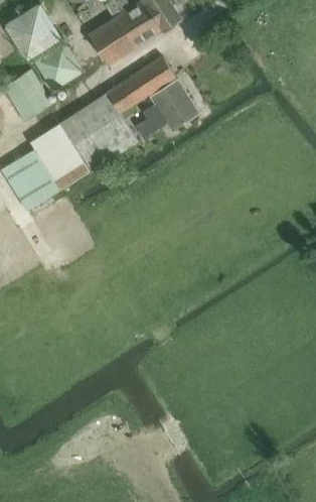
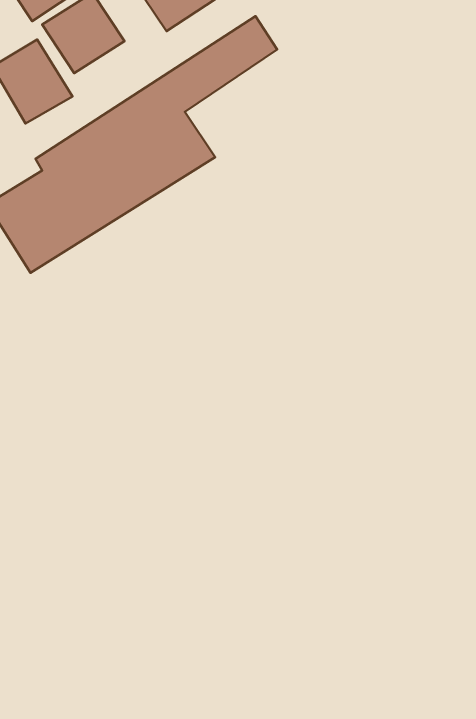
building: [135,80,198,138] -> none

